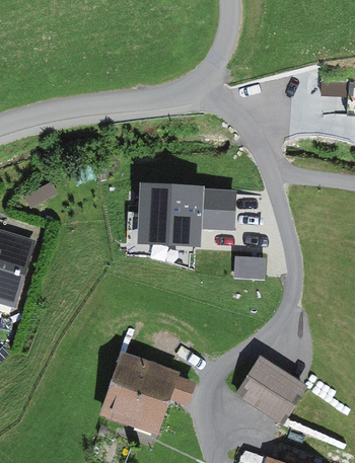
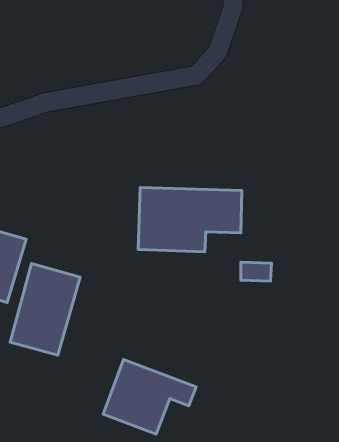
building: none -> [10,264,80,355]
building: [239,356,302,414] -> none

